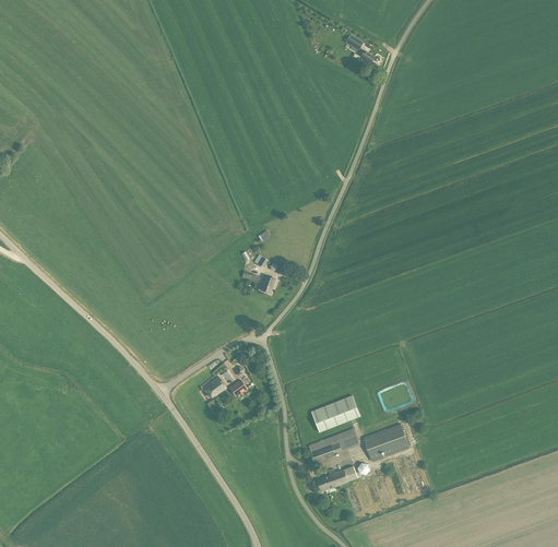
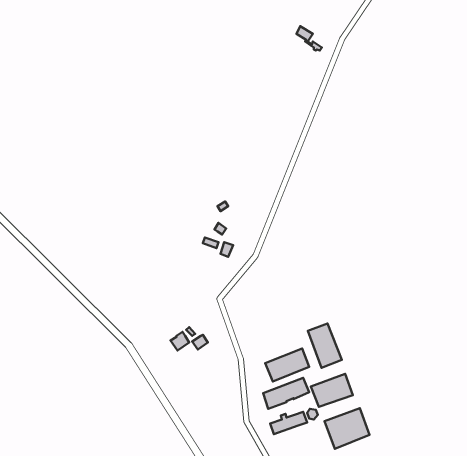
building: none -> [308,324,342,368]
building: none -> [325,408,369,449]

